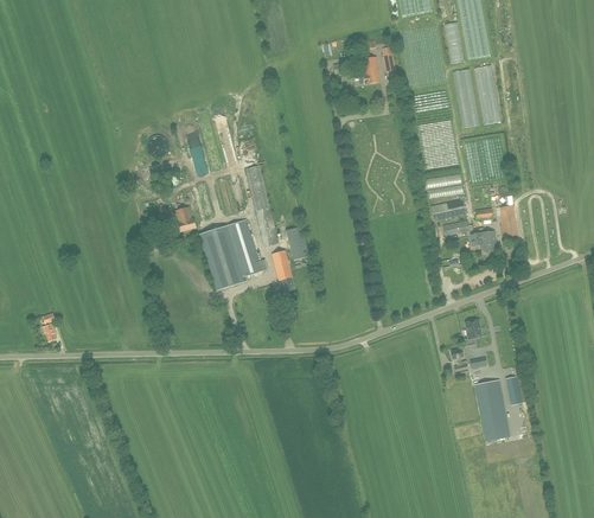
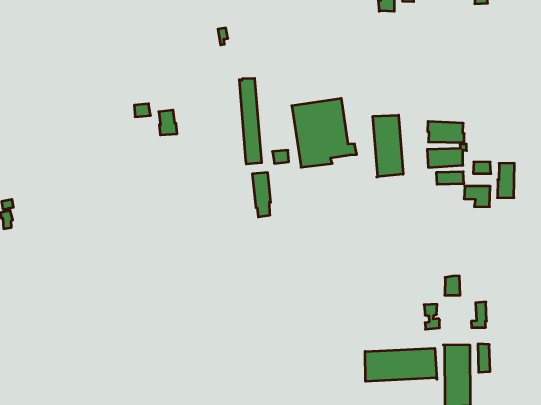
building: none -> [373,115,403,177]
building: [200,219,268,289] -> [292,98,357,167]
building: none -> [365,348,437,381]

